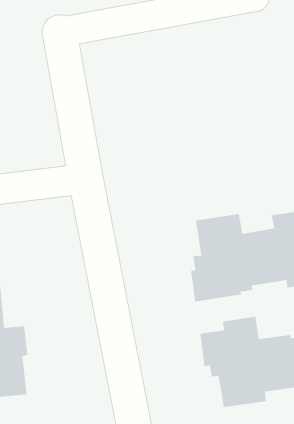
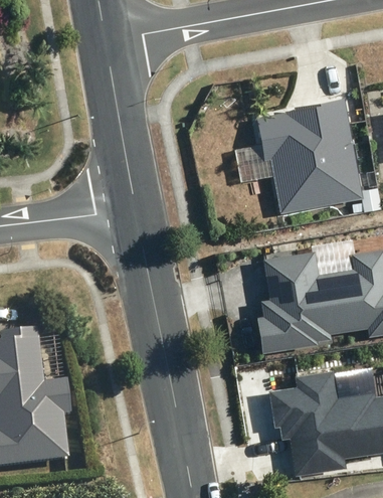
building: none -> [256,98,363,213]

